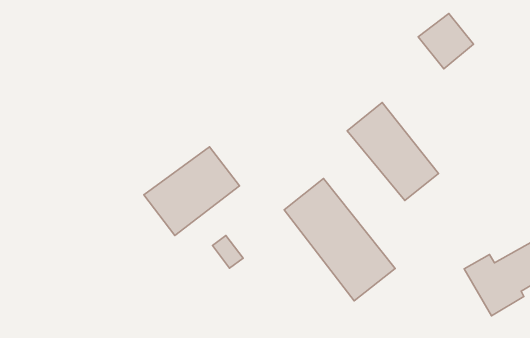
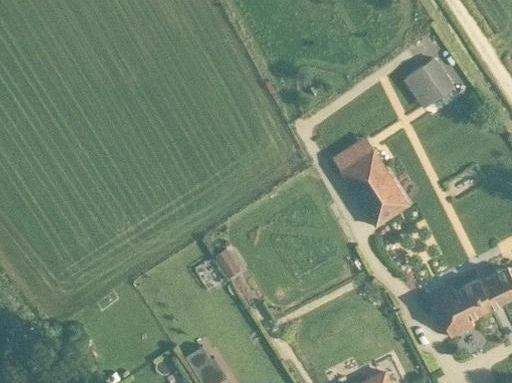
building: [144,147,239,236] -> none
building: [284,178,395,301] -> none

